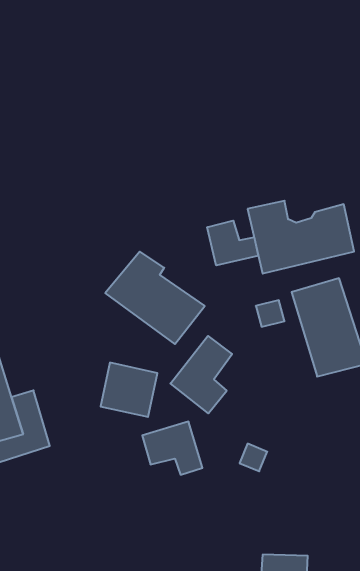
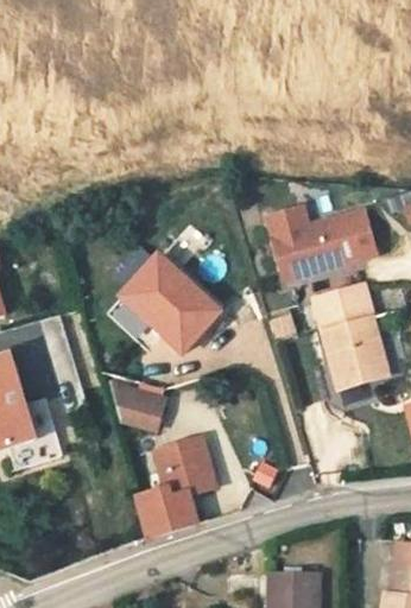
building: [207,221,258,265] -> none
building: [170,336,232,413] -> none
building: none -> [137,473,203,538]

